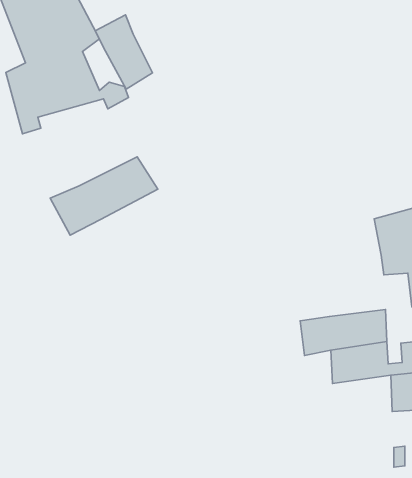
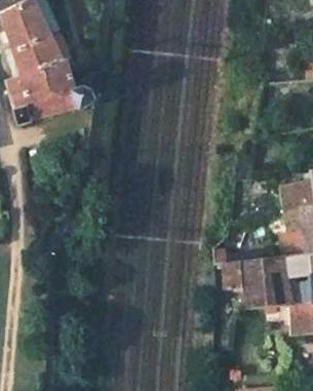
building: [95,15,153,89] -> none
building: [50,157,158,235] -> none

